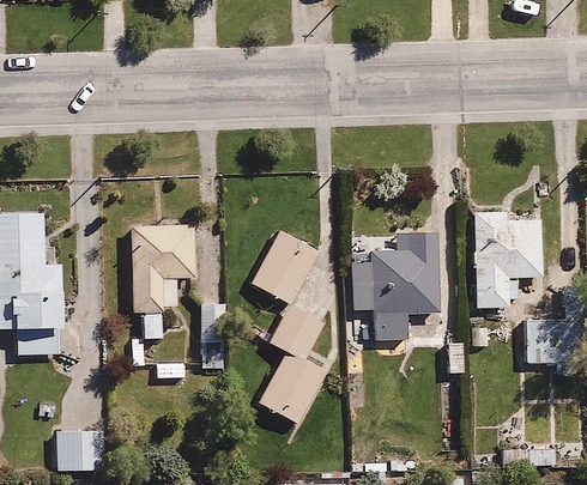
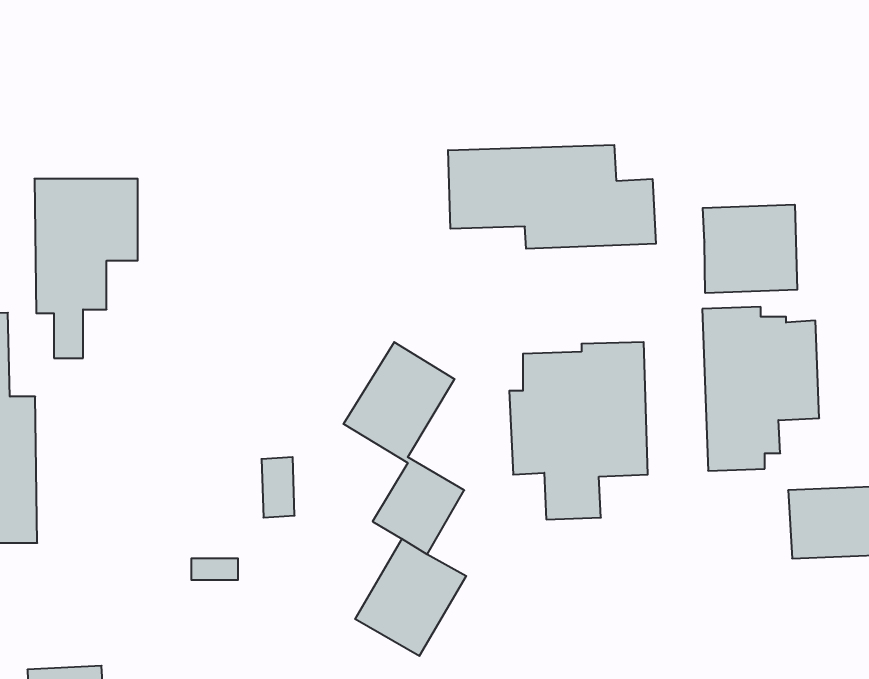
building: none -> [448,145,656,249]
building: none -> [703,205,797,293]
building: [132,228,195,338] -> [34,179,138,358]

